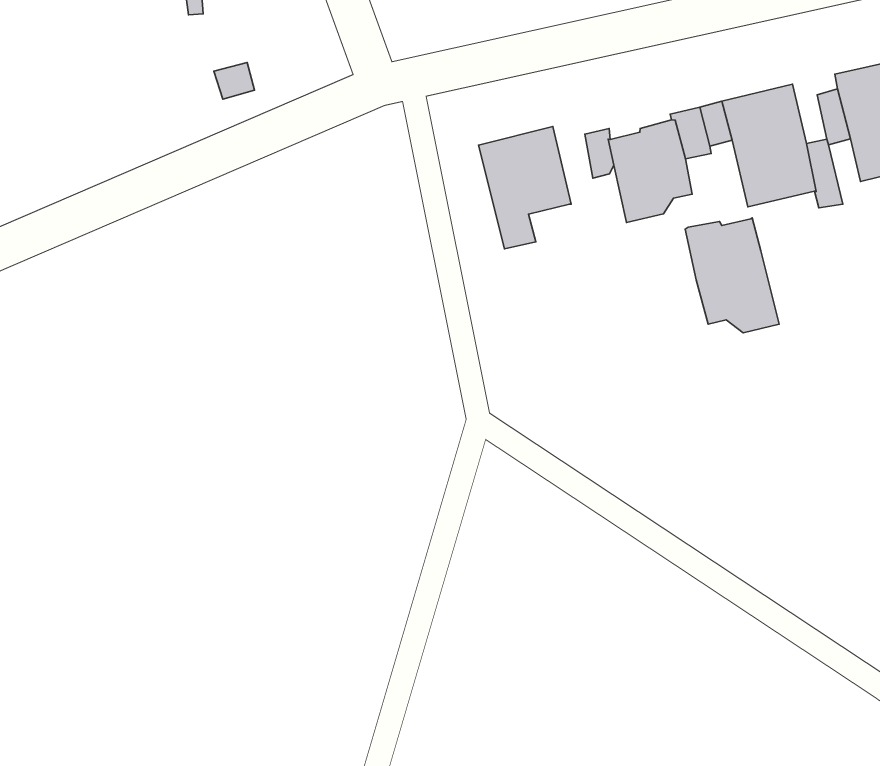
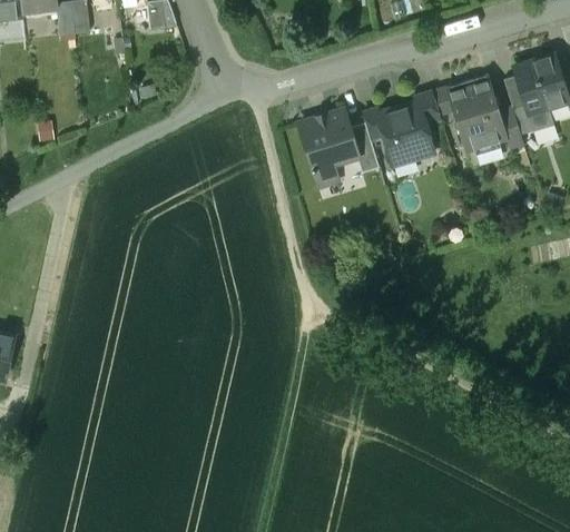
building: none -> [348,122,379,174]
building: [685,218,779,333] -> none

